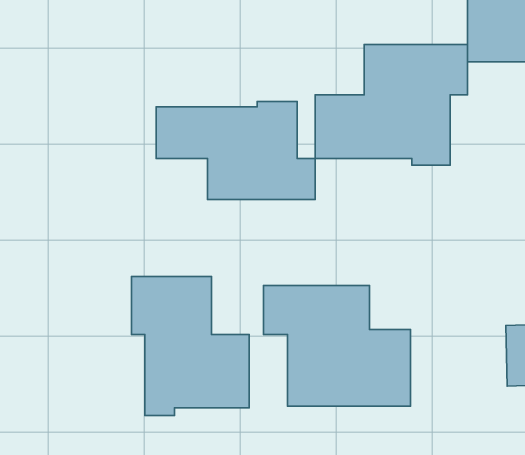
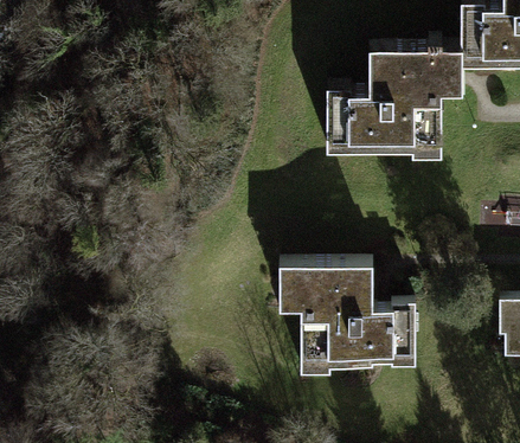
building: [156,101,315,199] -> none
building: [131,276,249,415] -> none

